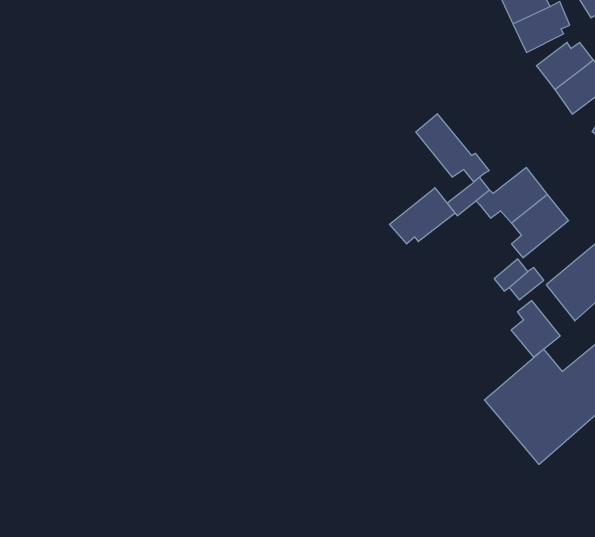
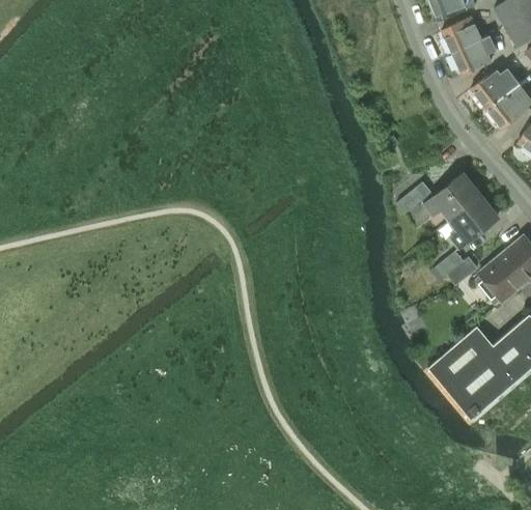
building: [416,114,489,182] -> none
building: [389,188,455,244] -> none
building: [511,301,560,357] -> none

